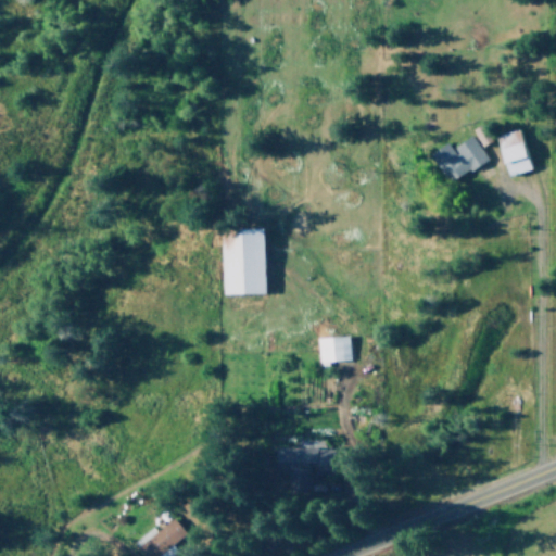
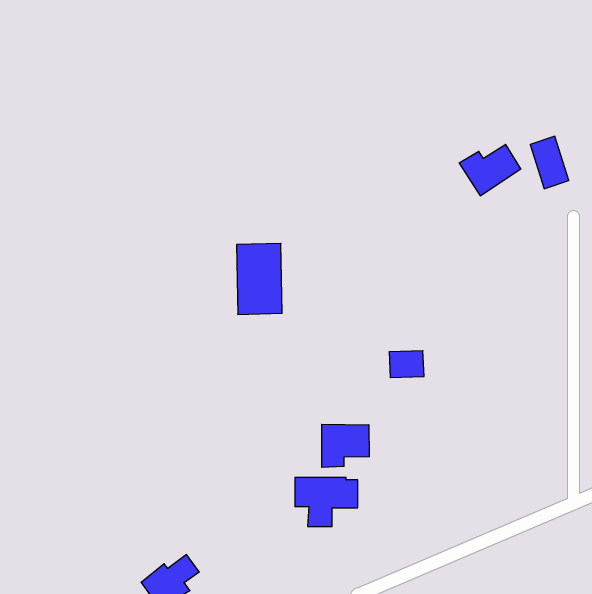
building: [319,337,352,362] -> [389,351,424,378]
building: none -> [322,424,369,467]

